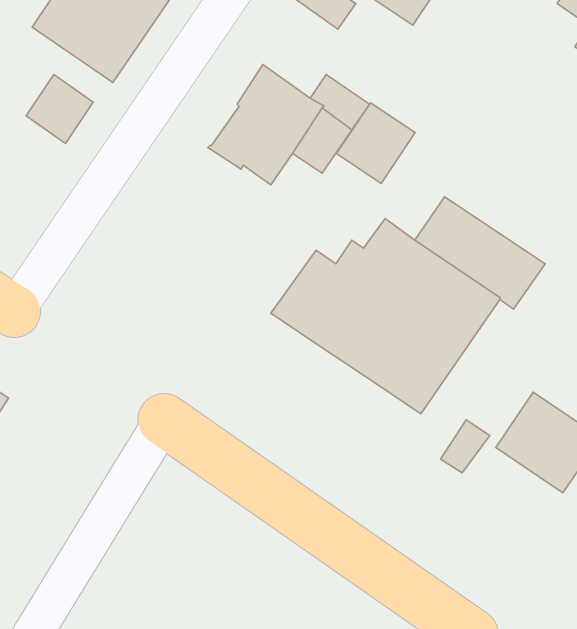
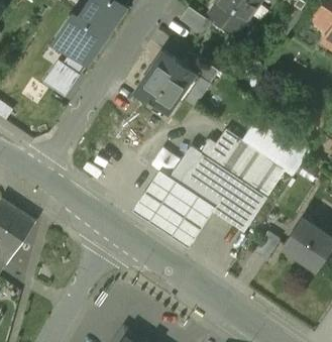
building: [336,103,415,183] -> none
building: none -> [136,174,214,245]

